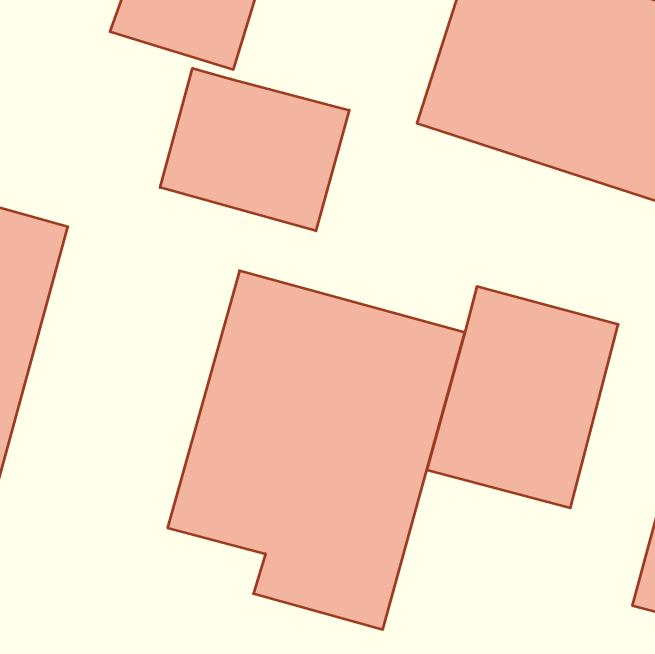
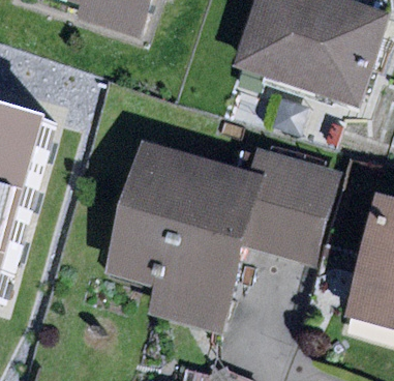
building: [160,68,349,231] -> none

